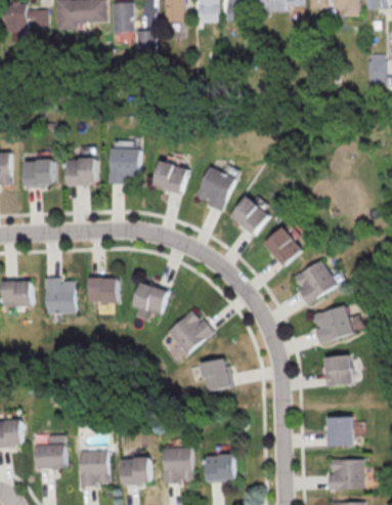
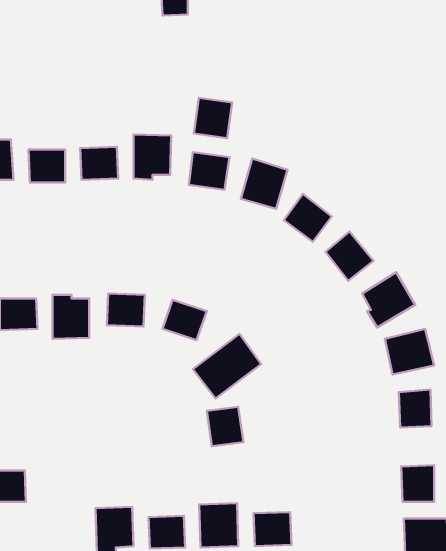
building: none -> [194,98,232,138]
building: [202,359,231,390] -> [207,407,243,446]
building: [37,435,66,468] -> none

